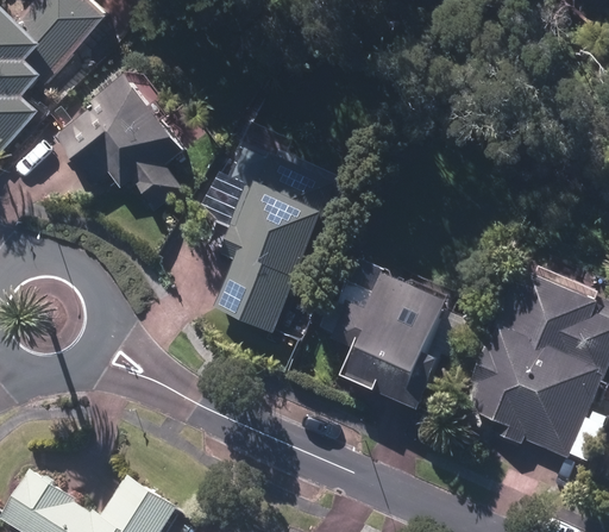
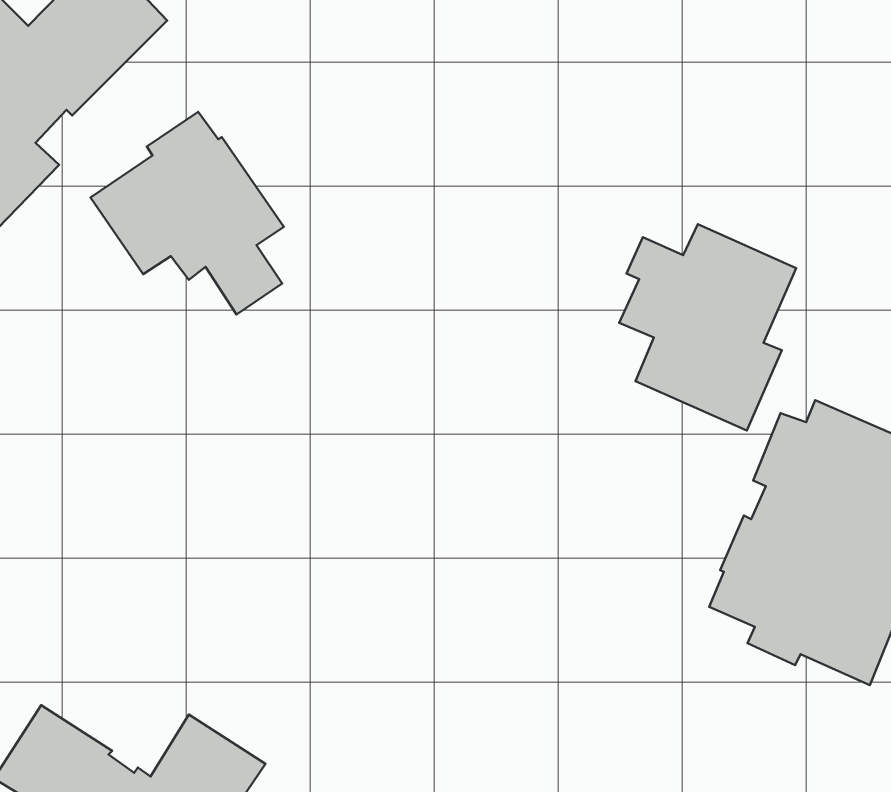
building: [213,152,337,331] -> none
building: [332,270,447,405] -> [619,224,796,431]

